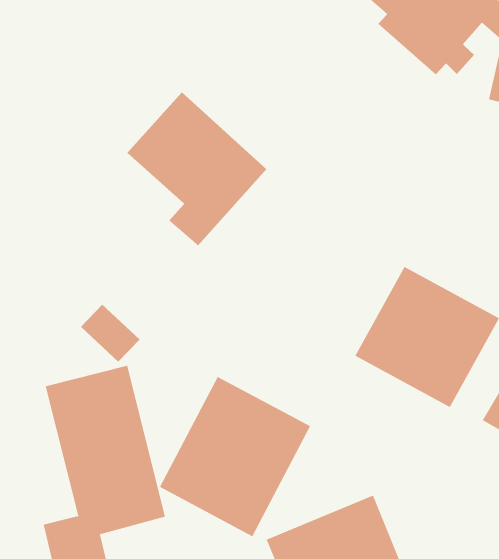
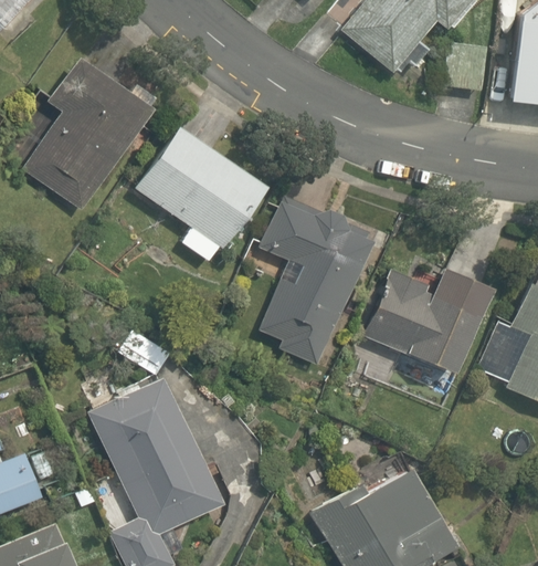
building: none -> [30,63,149,209]
building: none -> [262,197,370,366]
building: [159,376,311,537] -> none

